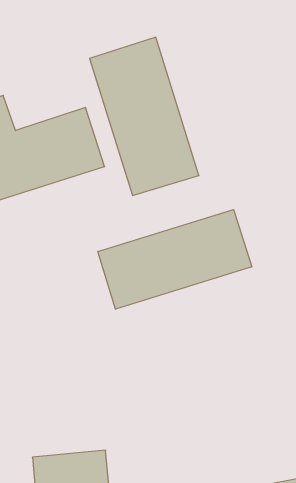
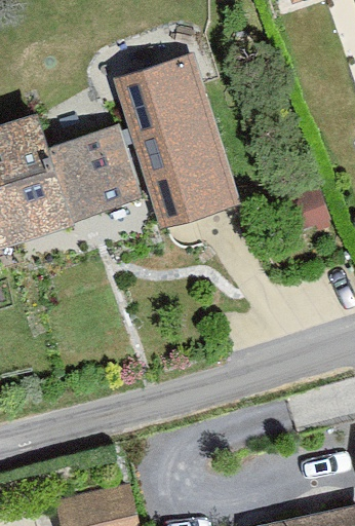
building: [98,210,252,309] -> none

